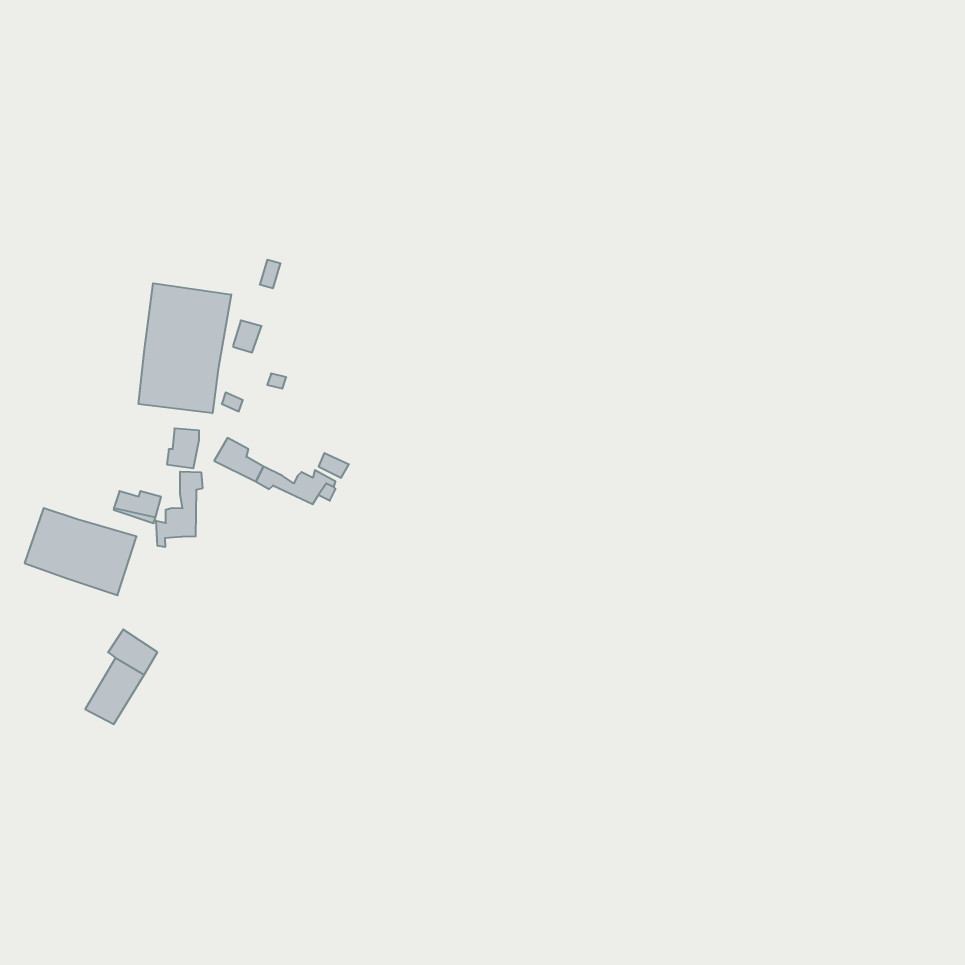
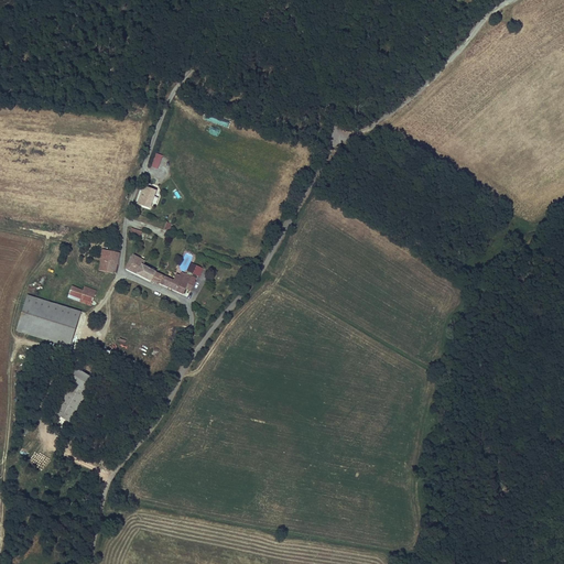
building: [139,283,231,413] -> none
building: [156,472,202,547] -> none

